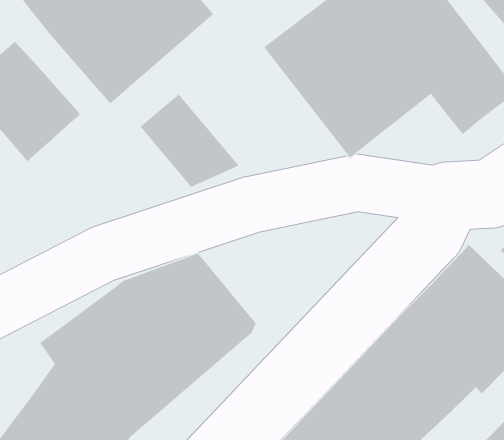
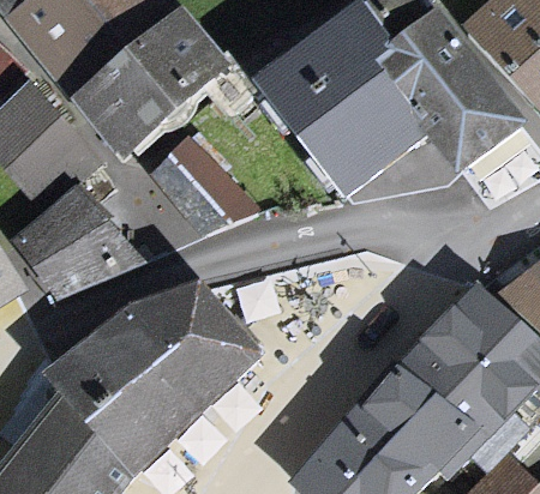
building: none -> [17,187,134,288]

